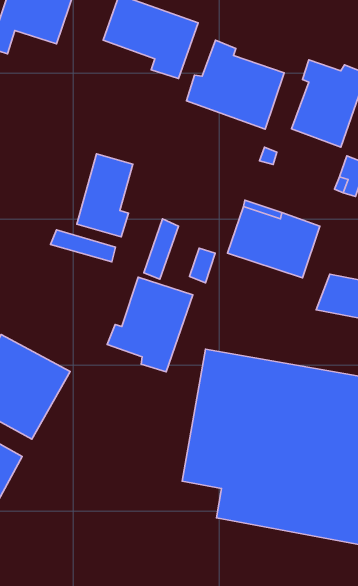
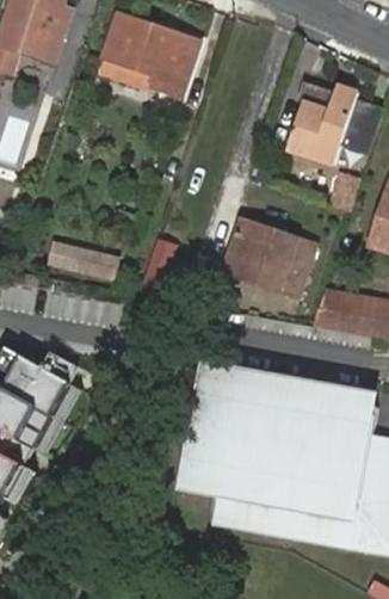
building: [186,40,284,129] -> none
building: [77,154,133,237] -> none
building: [107,277,193,372] -> none

